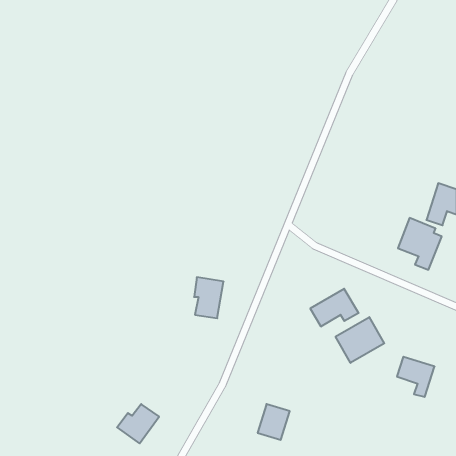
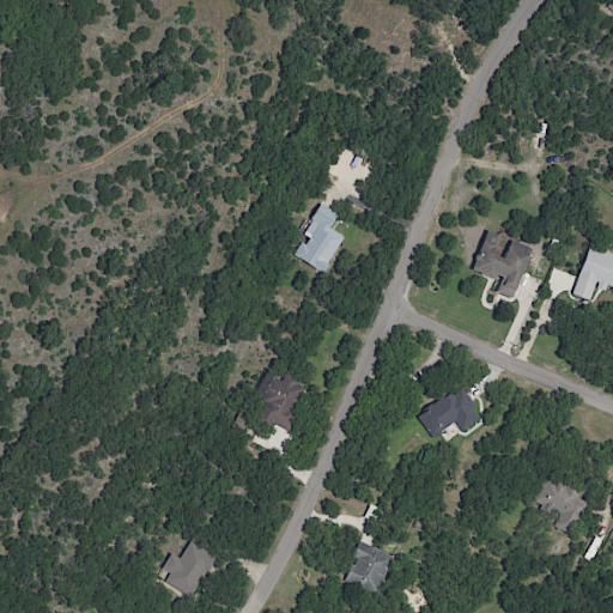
building: none -> [292,204,345,272]
building: [398,218,442,270] -> [472,229,530,298]
building: [336,317,384,363] -> none

